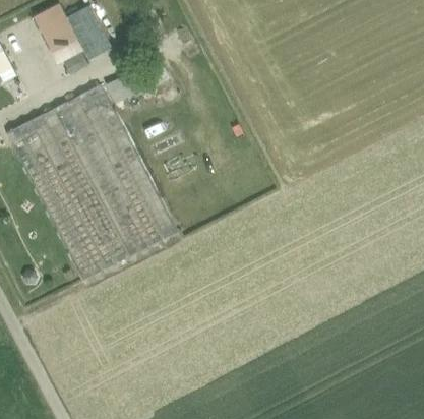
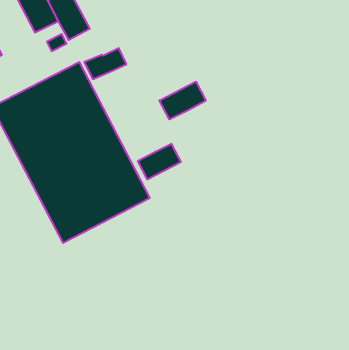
building: none -> [159,82,206,119]
building: none -> [138,144,181,179]

